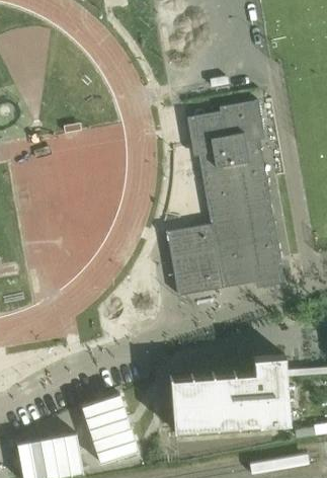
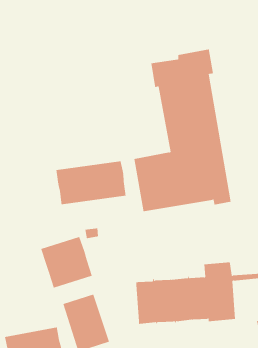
building: none -> [56,160,126,205]
building: none -> [41,236,92,288]

